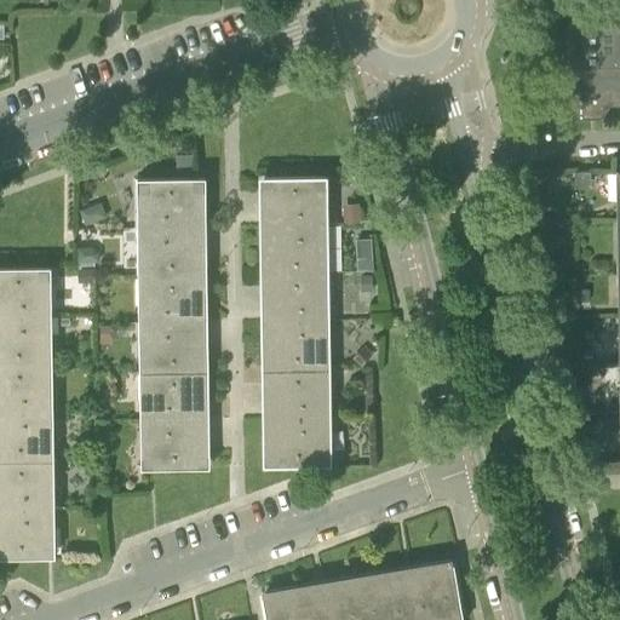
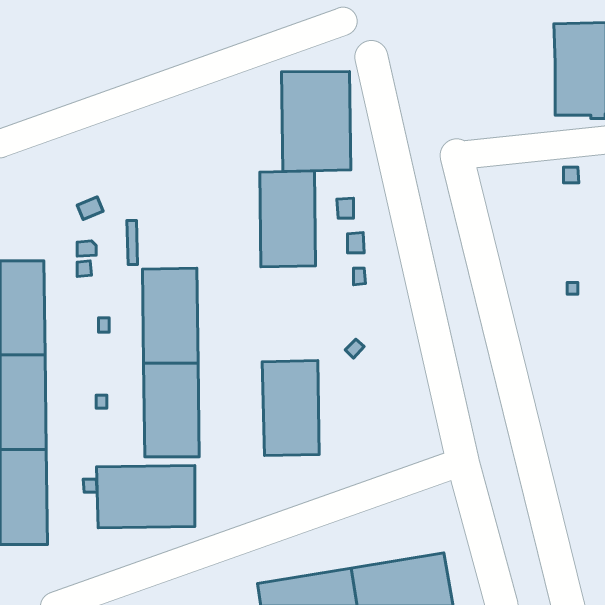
building: none -> [281,71,351,172]
building: [145,177,202,276] -> none
building: [268,272,326,371] -> none
building: none -> [97,466,195,528]

